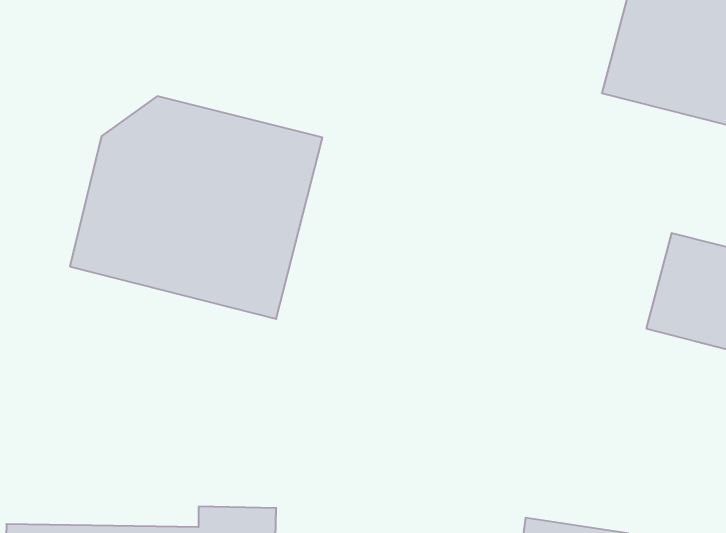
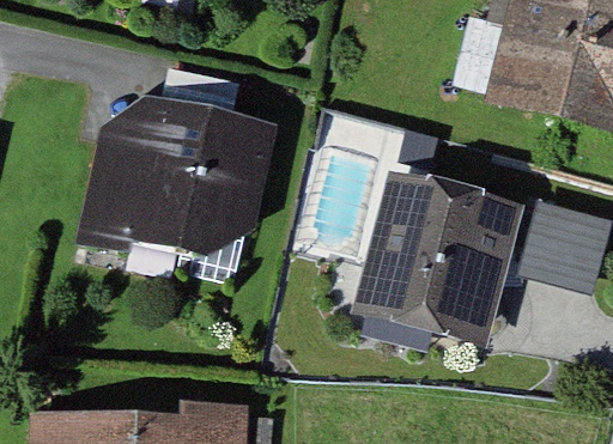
building: none -> [358,175,515,336]

